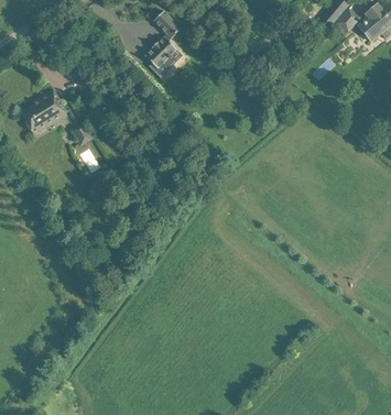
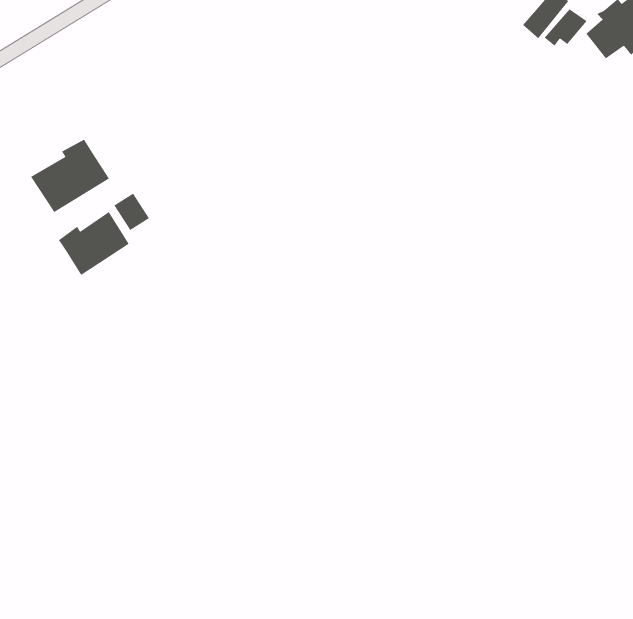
building: [144,11,181,78] -> none
building: none -> [58,211,129,276]

